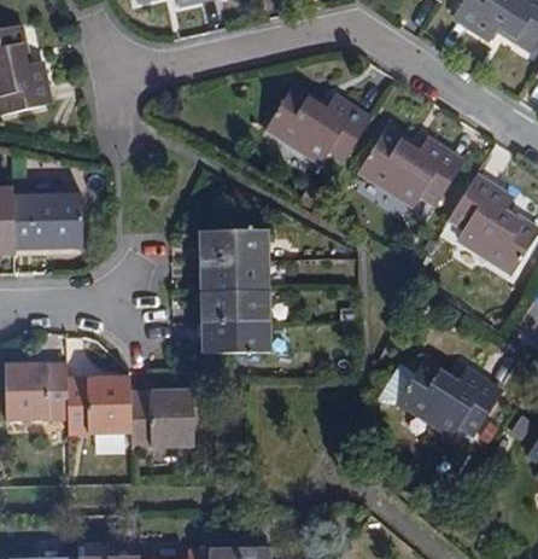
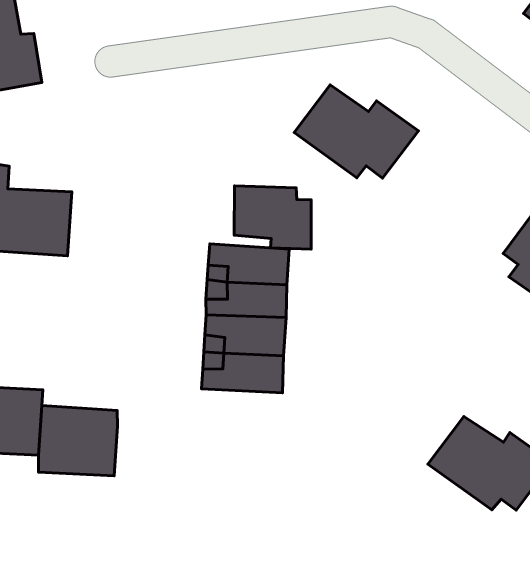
building: [357,129,461,208] -> none
building: none -> [234,186,311,249]
building: [133,388,193,446] -> none

